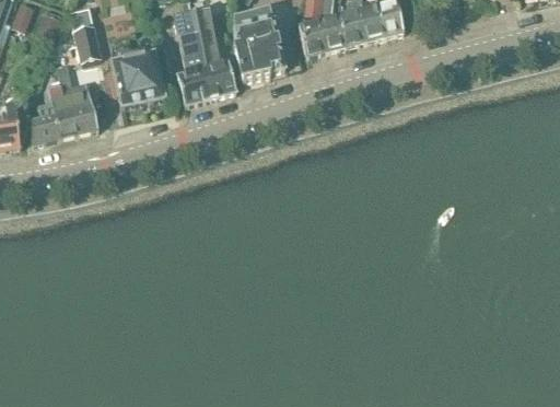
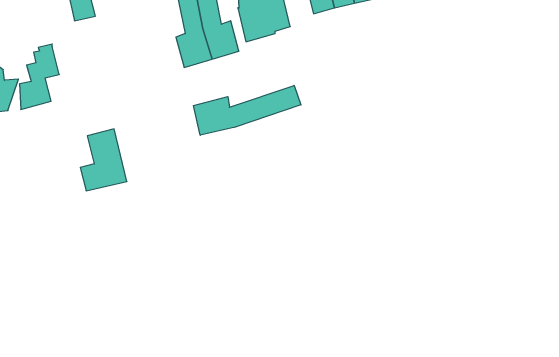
building: [110,48,165,106] -> none
building: [55,77,98,135] -> [80,129,127,191]
building: none -> [193,85,301,135]

